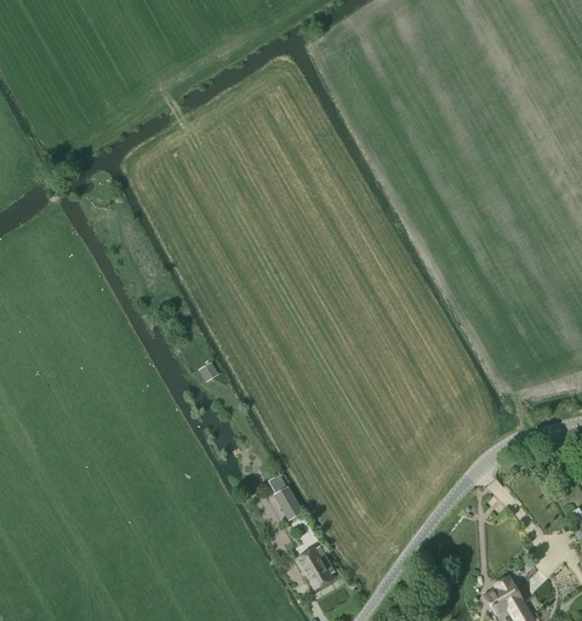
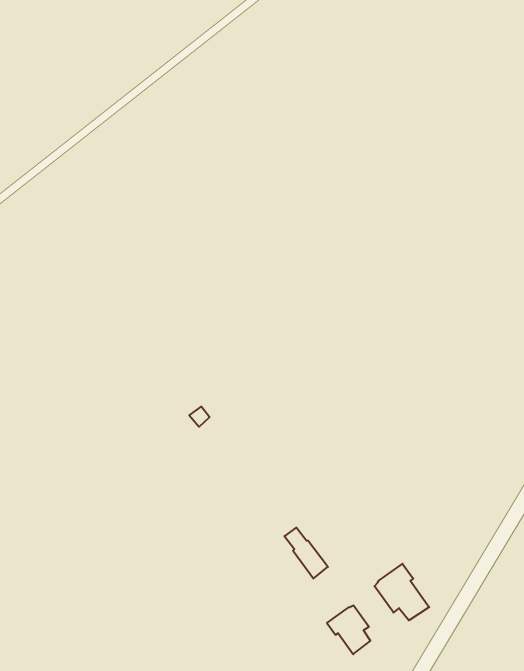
building: none -> [374,564,429,620]

